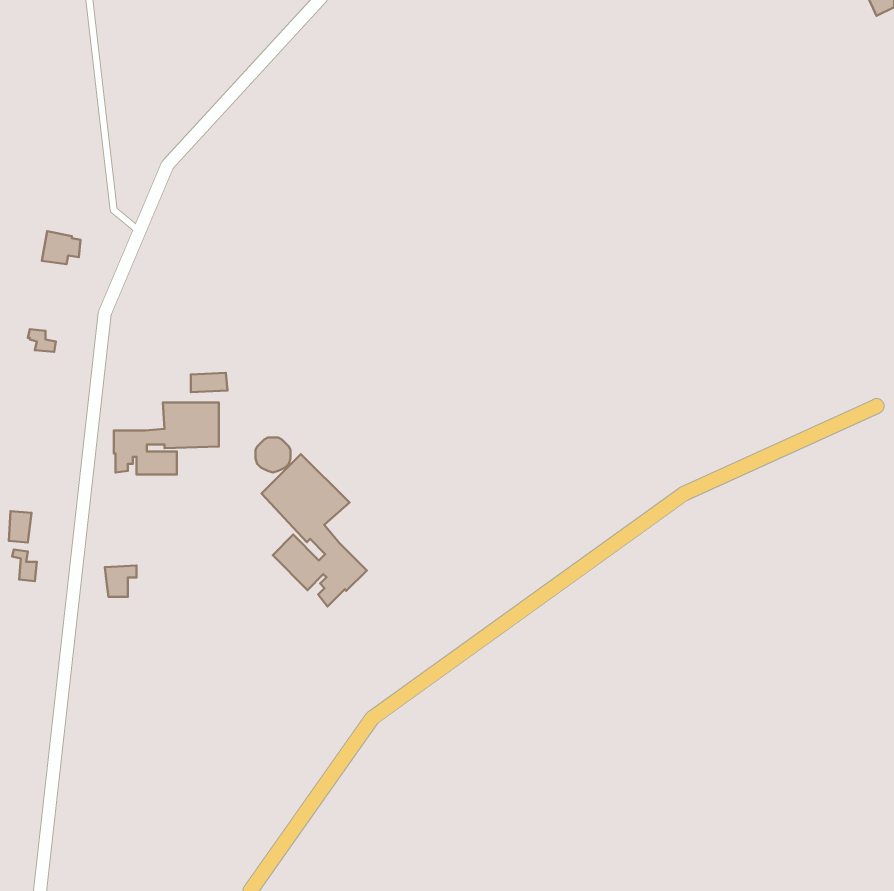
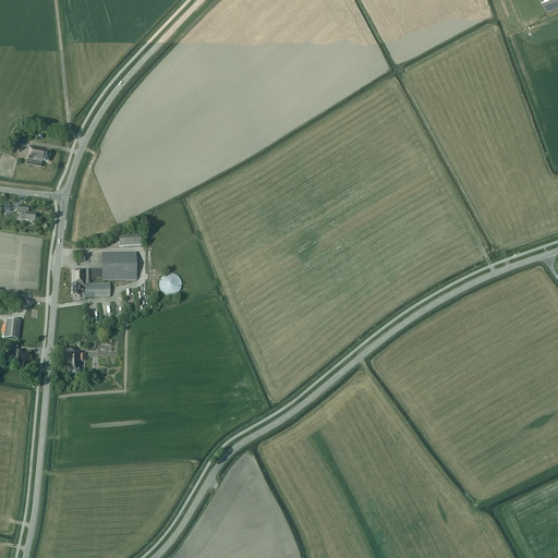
building: [261,454,367,607] -> none

